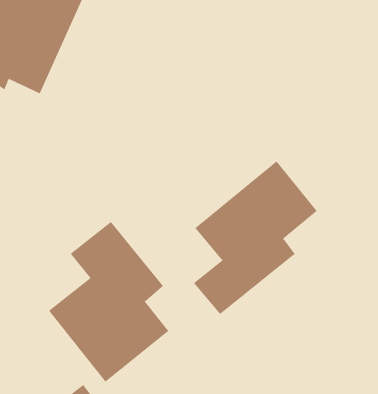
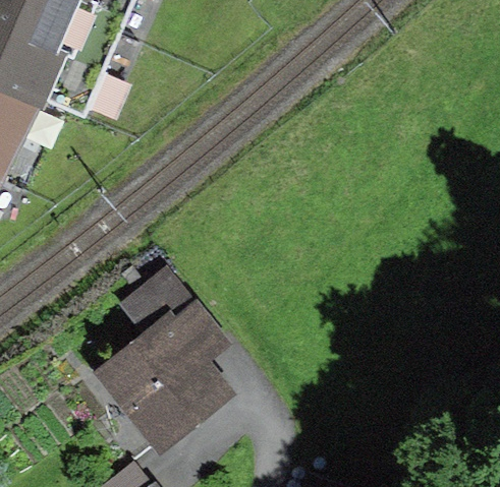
building: [193,161,318,315] -> none

